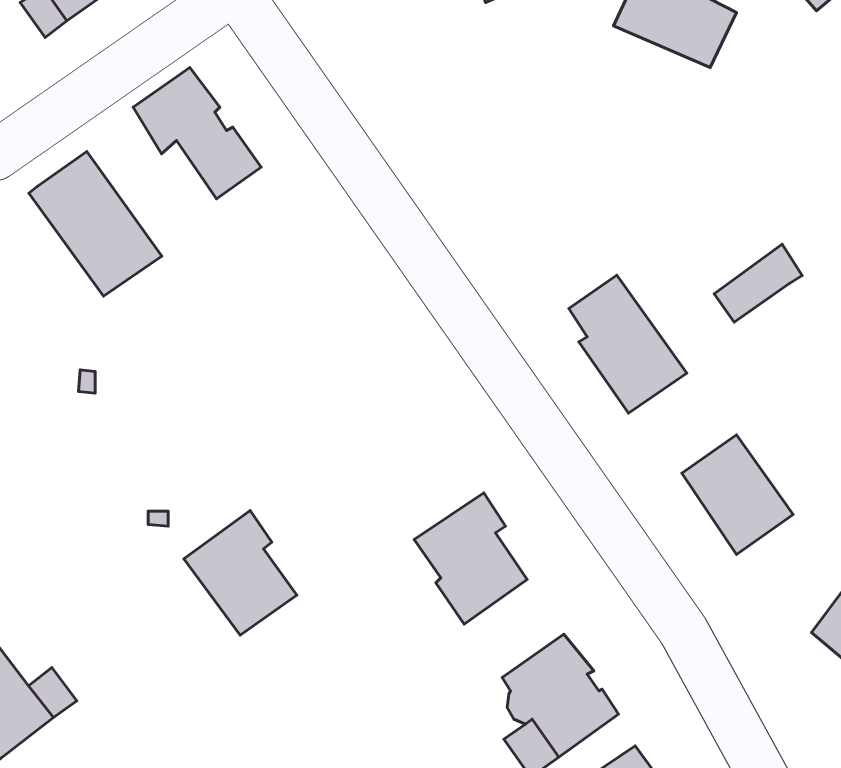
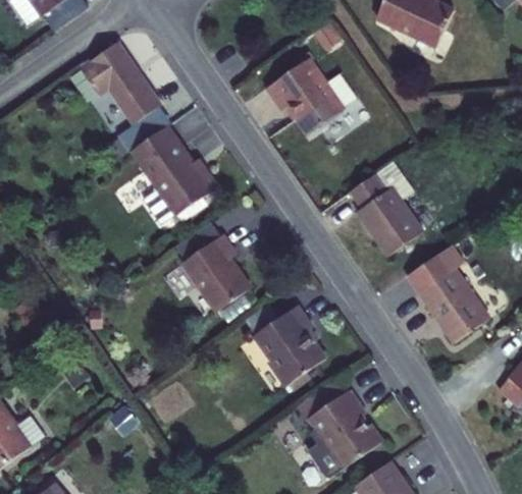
building: none -> [268,59,356,133]
building: [29,151,162,296] -> [130,126,212,215]
building: [714,244,802,322] -> [407,244,461,292]
building: [184,511,297,635] -> [181,234,251,311]

